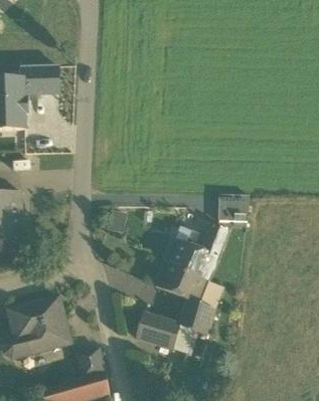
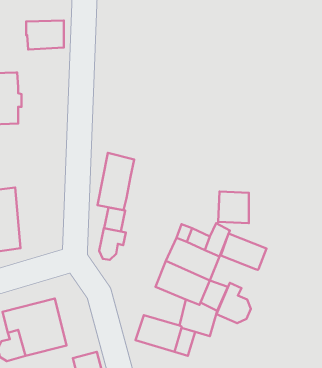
building: [20,64,56,92] -> [26,20,64,50]
building: none -> [97,153,134,210]
building: none -> [99,228,126,260]
building: none -> [221,233,266,270]
building: none -> [216,283,251,323]

